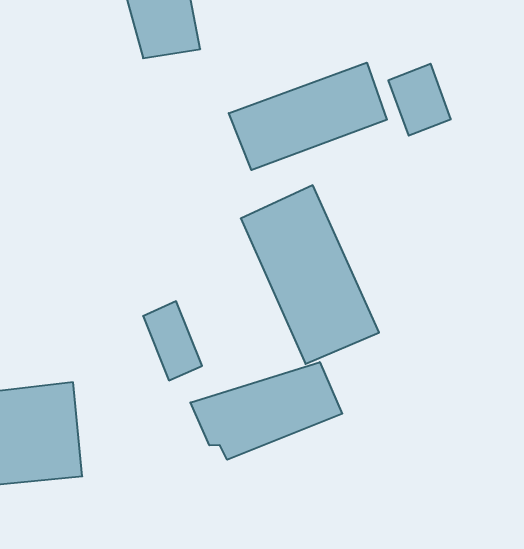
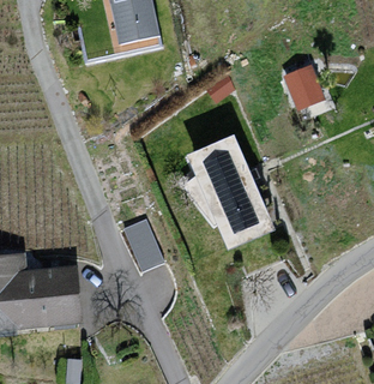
building: [229,63,387,170] -> none
building: [190,362,342,460] -> none

